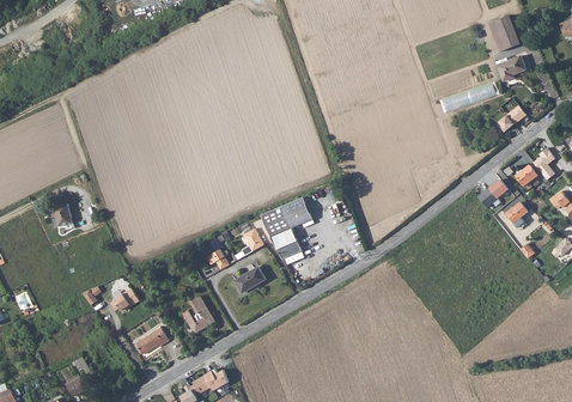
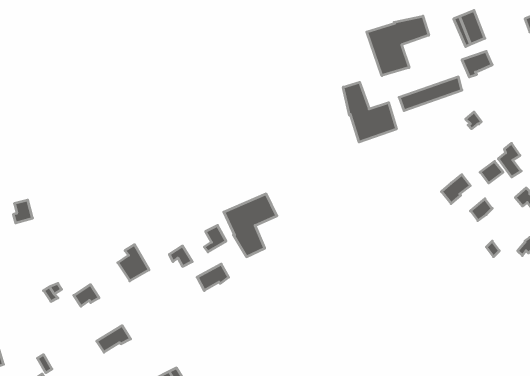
building: none -> [367,16,429,76]
building: none -> [343,82,396,142]
building: [183,297,214,333] -> [118,245,149,281]

